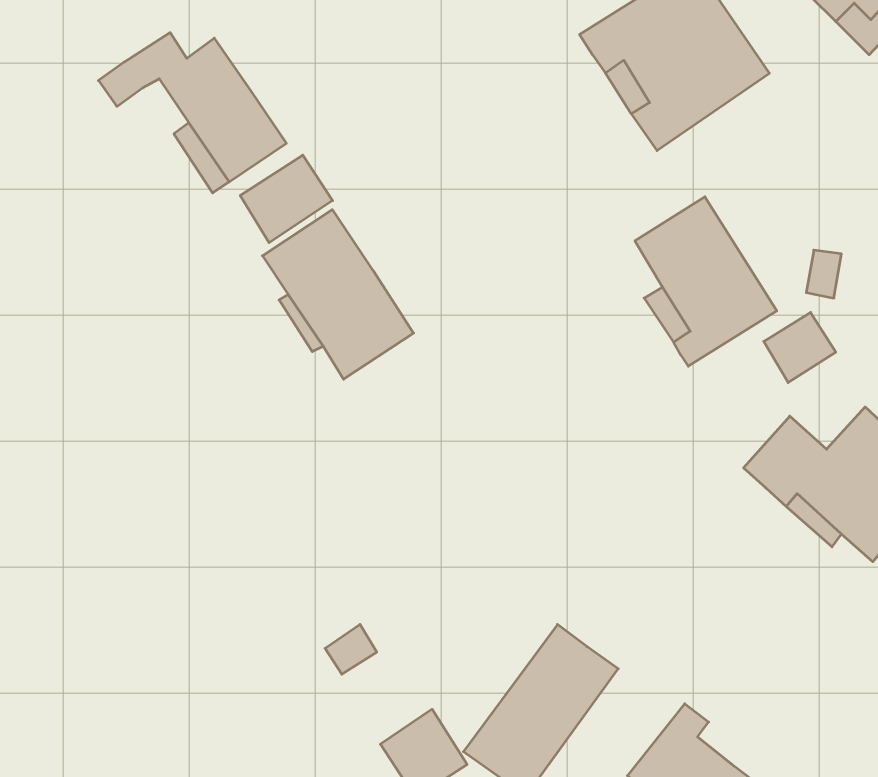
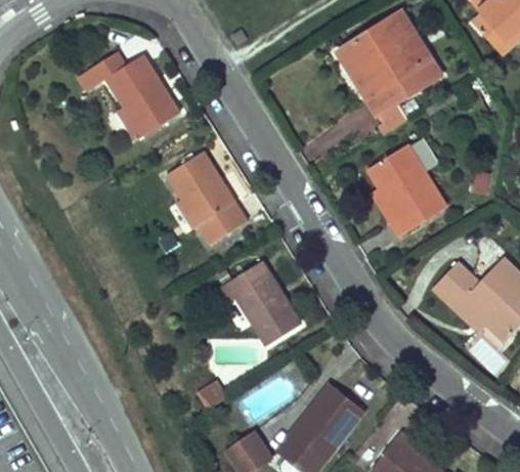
building: [240,155,333,243] -> none
building: [764,312,836,383] -> none
building: none -> [228,259,301,344]

